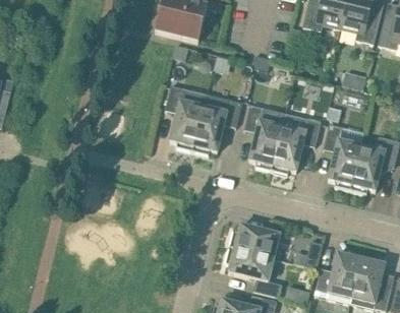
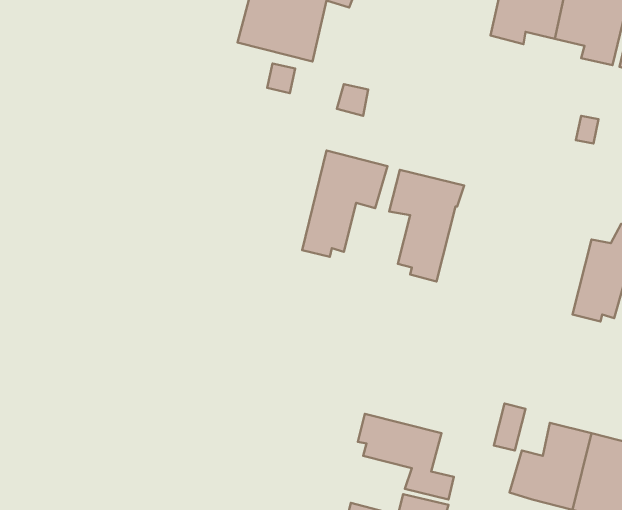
building: [164,83,207,150] -> none
building: [271,117,321,173] -> none
building: [323,122,361,188] -> none
building: [229,224,280,257] -> none

